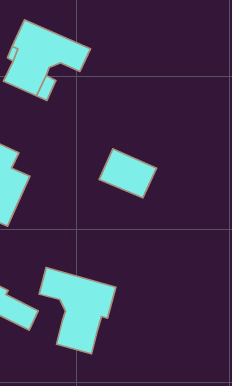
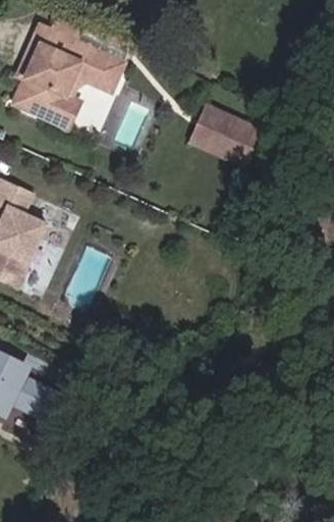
building: [99,149,156,198] -> [189,99,262,161]
building: [39,268,116,354] -> none

